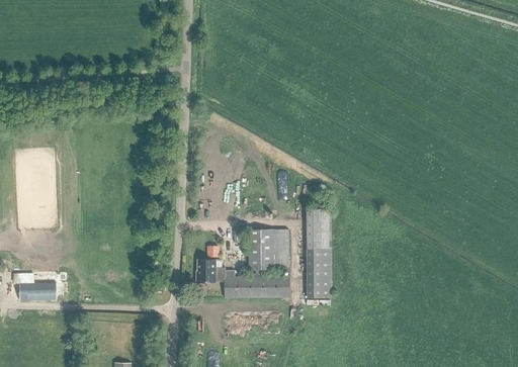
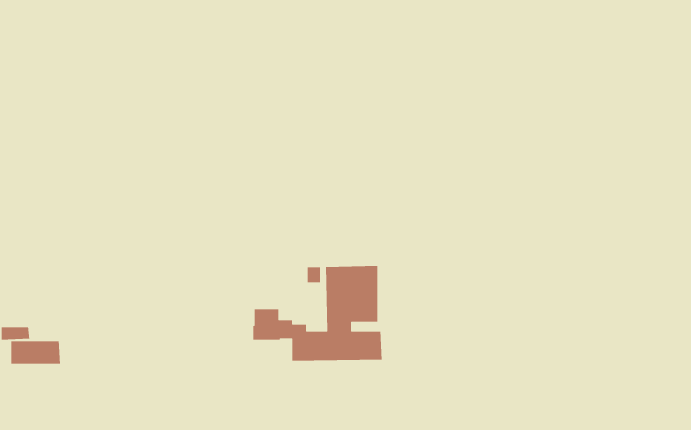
building: [307,208,332,297] -> none

